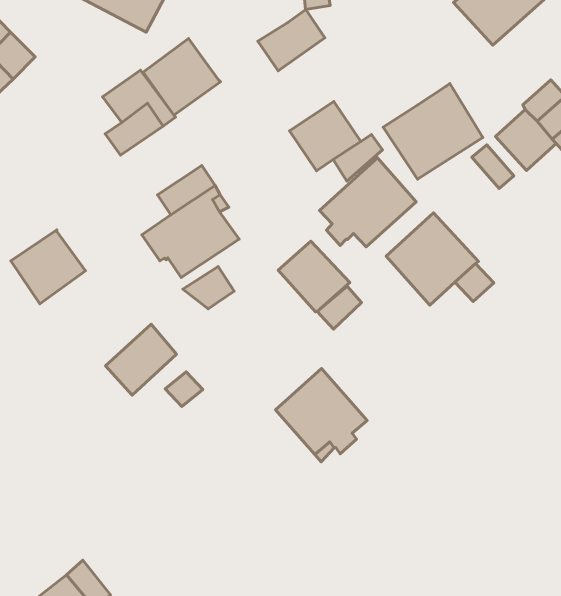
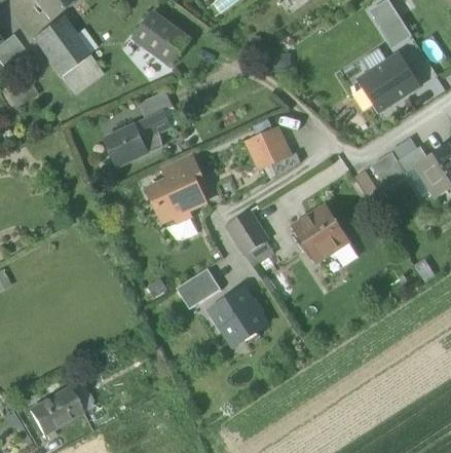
building: [258,9,325,71] -> none
building: [143,39,221,115] -> none
building: [383,84,483,179] -> none
building: [319,158,416,247] -> none
building: [11,230,85,304] -> [104,123,148,166]
building: [105,324,176,395] -> [176,267,220,308]

